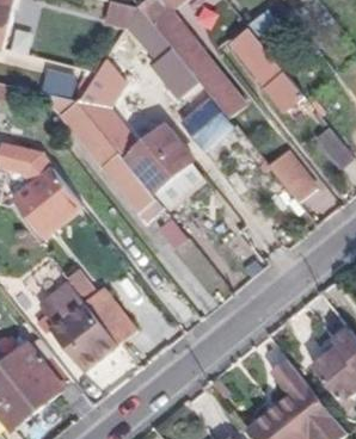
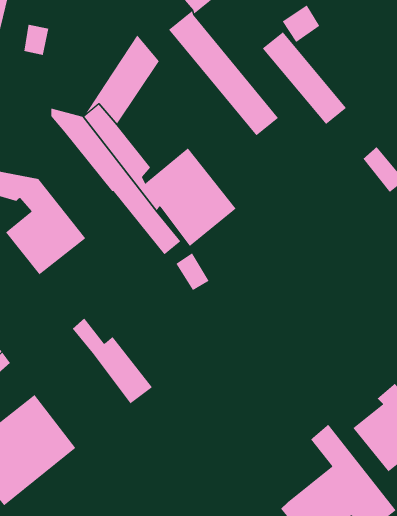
building: [124,11,232,148] -> none
building: [265,153,313,204] -> none
building: [42,283,115,367] -> none

